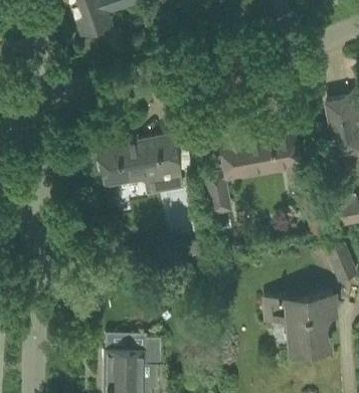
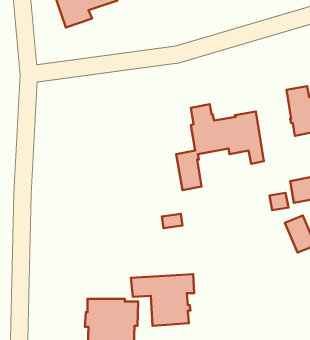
building: [99,135,182,193] -> none
building: [265,293,336,351] -> [131,274,194,326]

